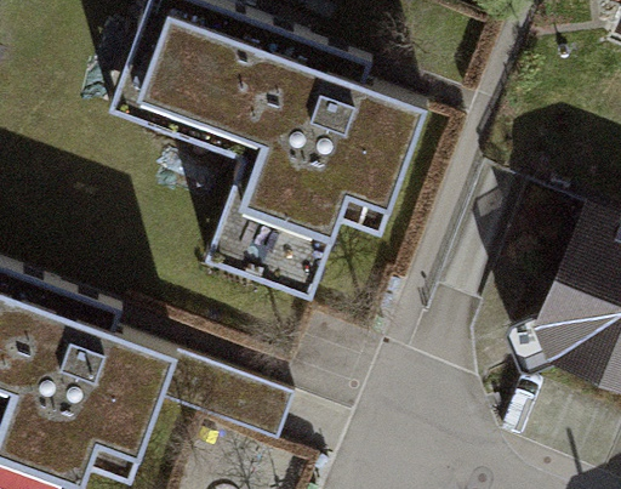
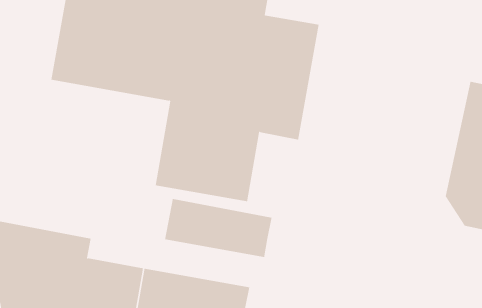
building: none -> [165,198,272,258]

